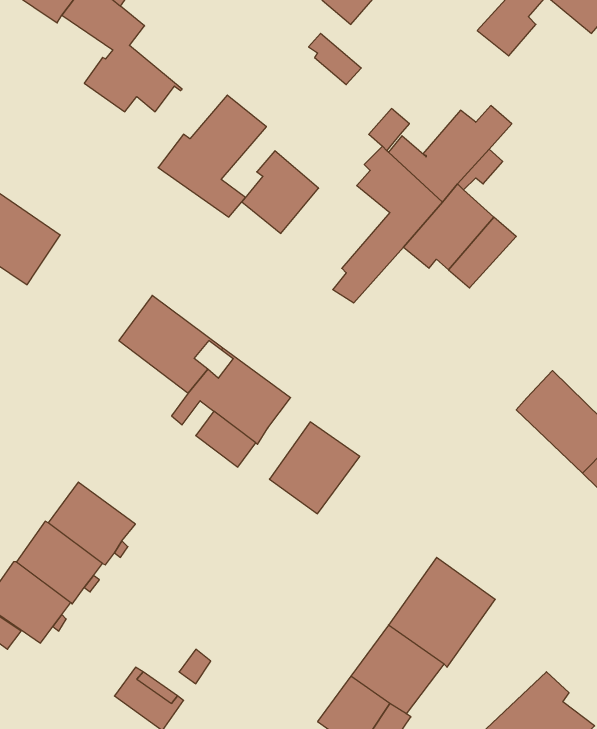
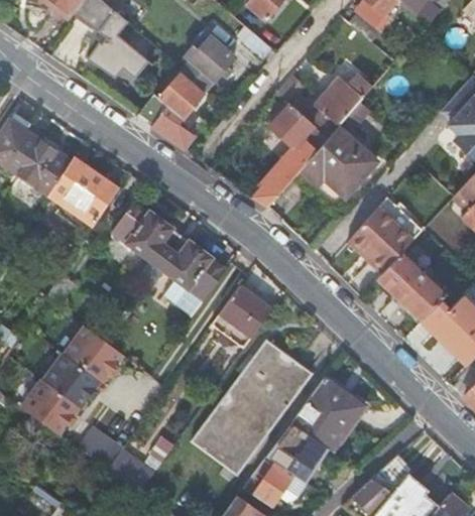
building: [242,151,319,233] -> [184,33,235,89]
building: none -> [55,158,118,221]
building: none -> [348,209,412,270]
building: none -> [193,341,313,475]
building: none -> [77,426,123,470]

